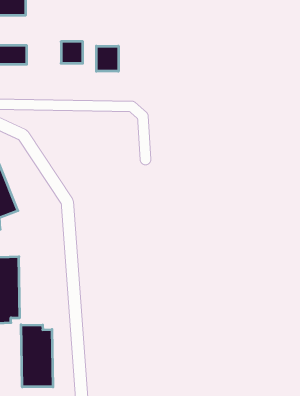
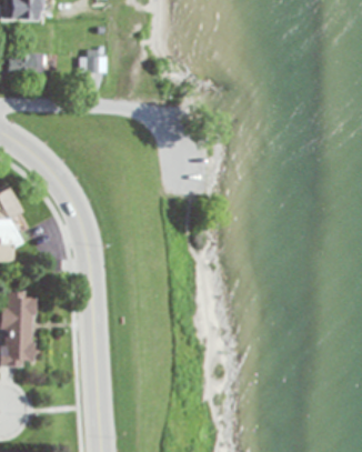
building: [96,46,118,71] -> none
building: [21,325,53,387] -> none

